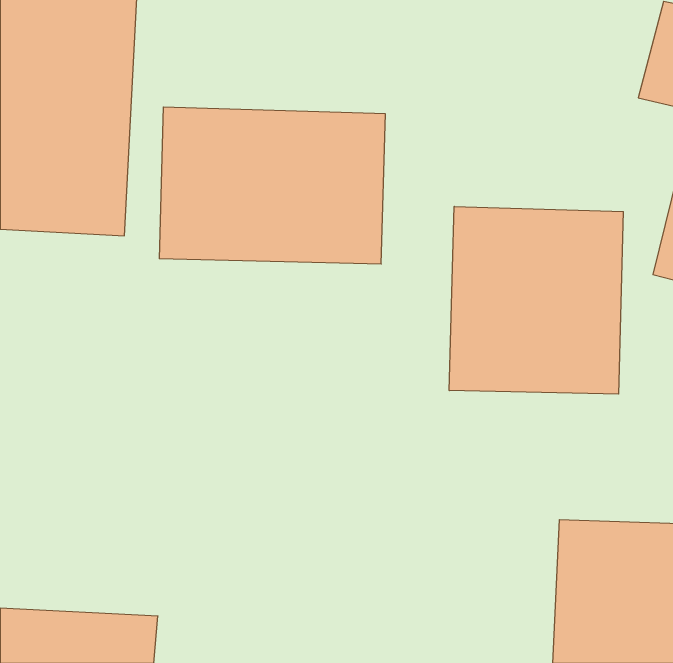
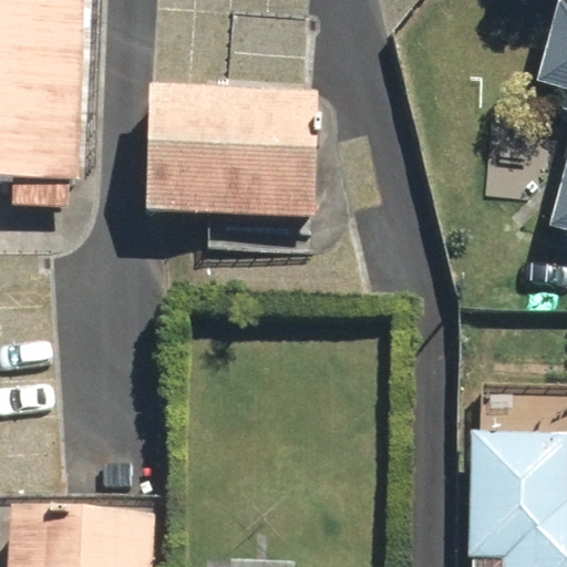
building: [449,206,623,394] -> none

